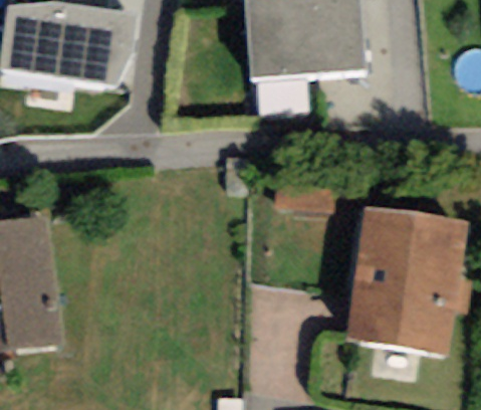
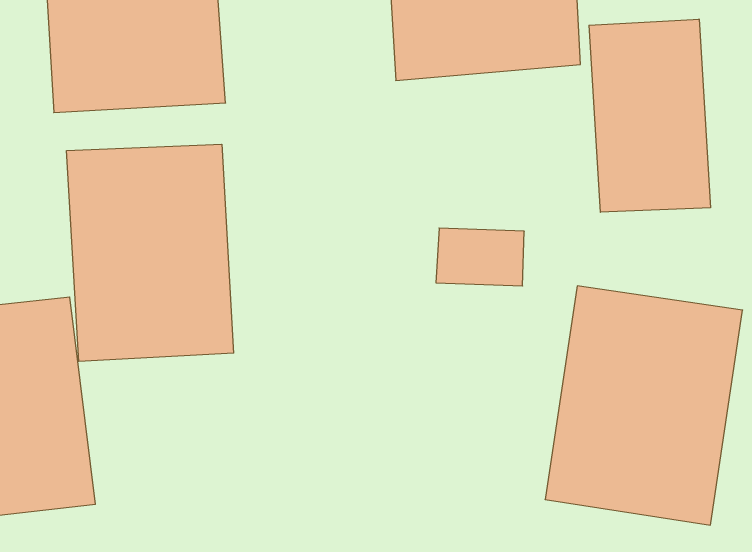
building: none -> [589,19,710,212]
building: none -> [67,144,234,361]

